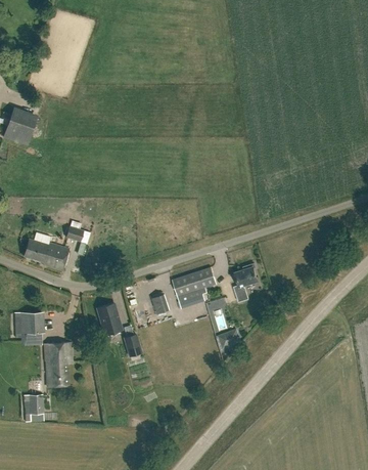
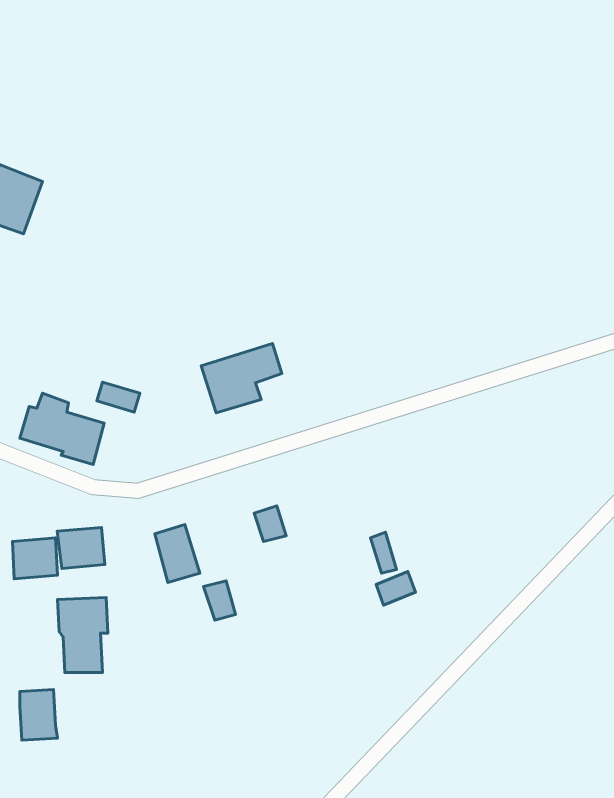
building: [233,262,256,302] -> none
building: [172,267,216,305] -> [201,343,282,413]
building: none -> [57,527,105,569]

